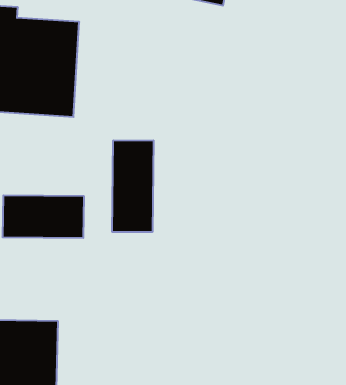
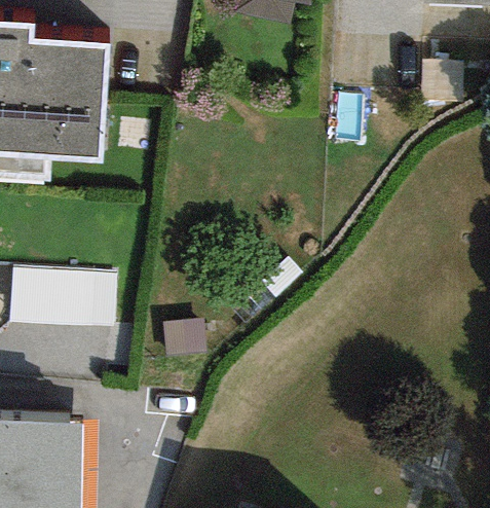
building: [112,140,153,232] -> none

